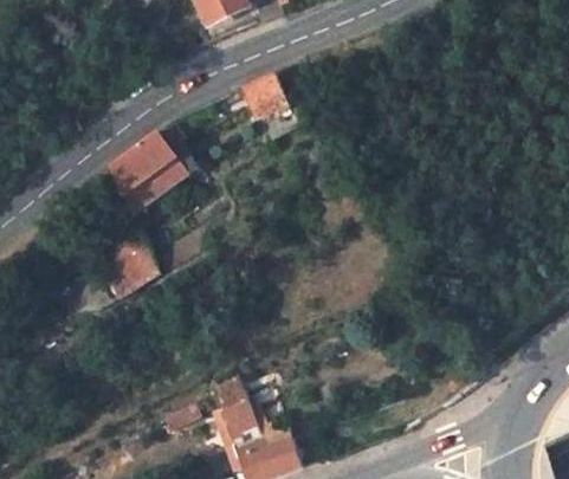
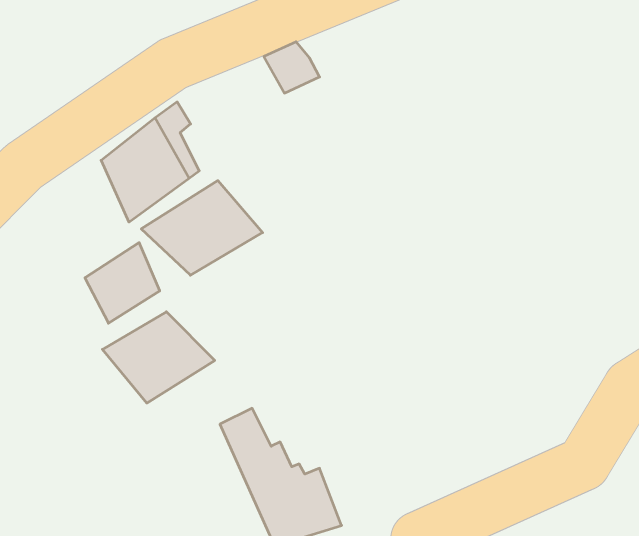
building: none -> [141,181,263,275]
building: none -> [102,312,215,403]

